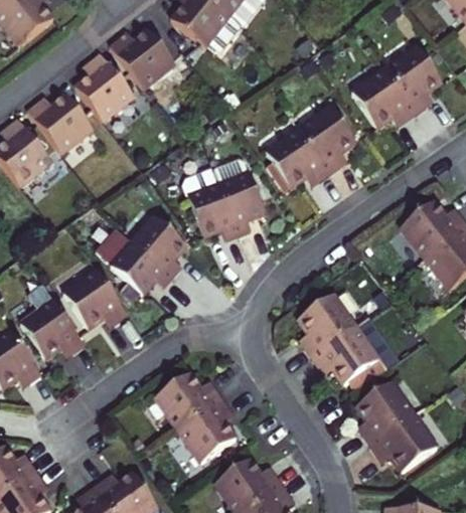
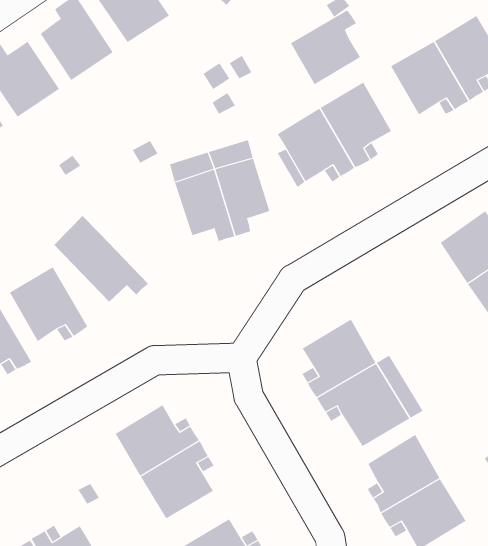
building: none -> [290,10,361,85]
building: [132,216,187,278] -> none

